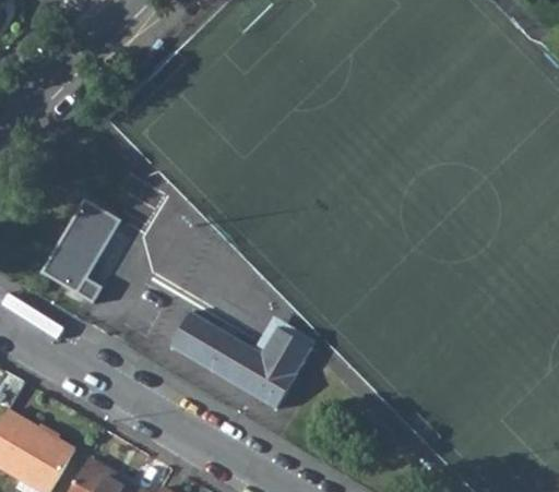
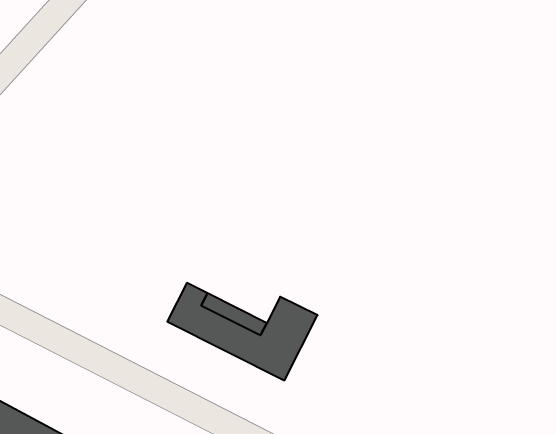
building: [43,202,120,302] -> none

